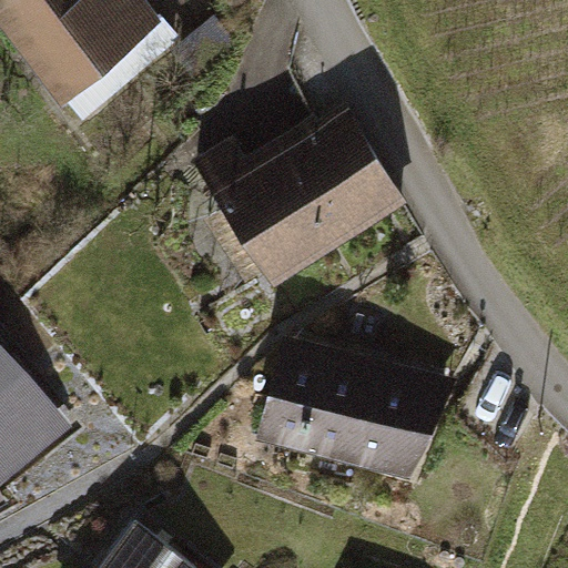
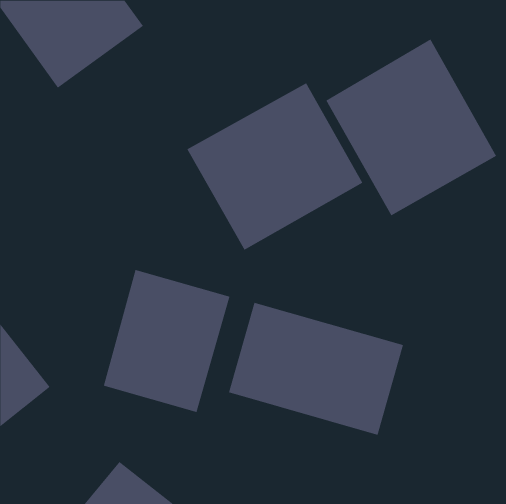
building: none -> [325,39,497,216]
building: none -> [103,269,230,413]

